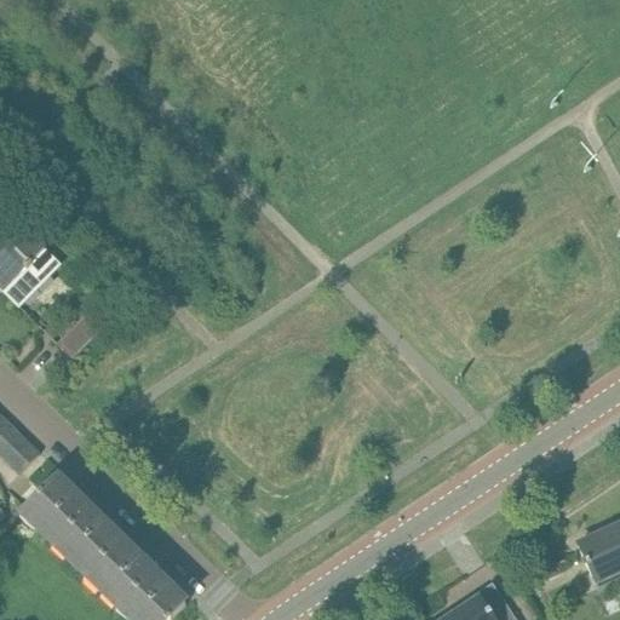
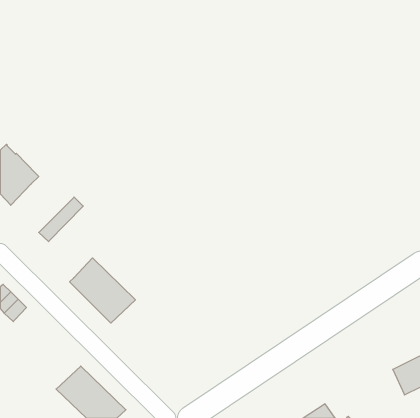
building: [23,476,120,572] -> [70,258,135,323]

